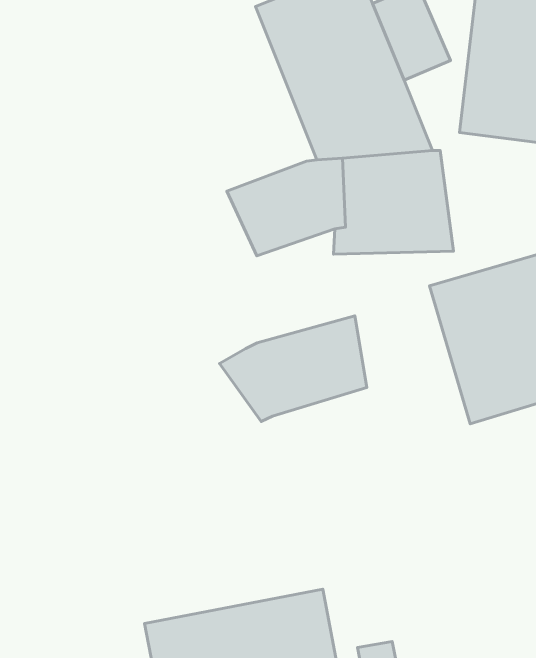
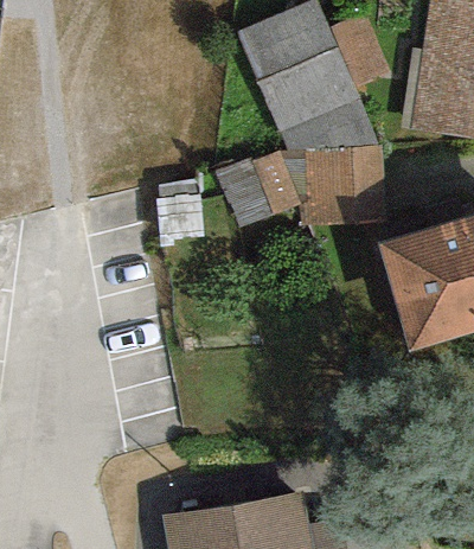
building: [220,316,367,422] -> none

